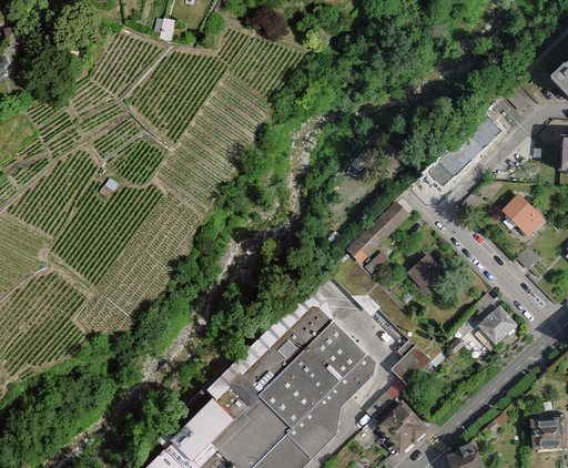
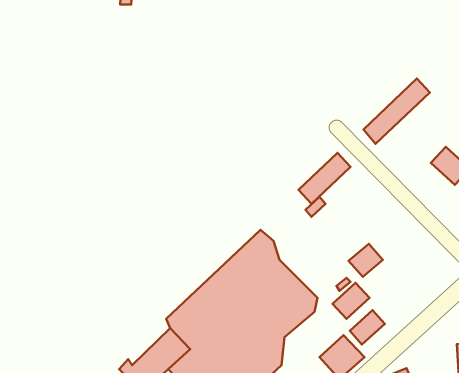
building: [404,252,442,288] -> [349,244,383,277]
building: [478,307,521,350] -> none
building: none -> [350,310,385,345]

